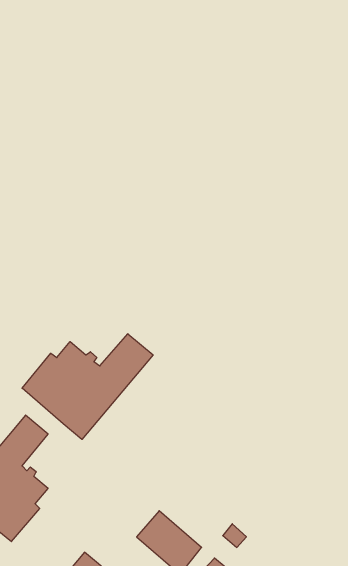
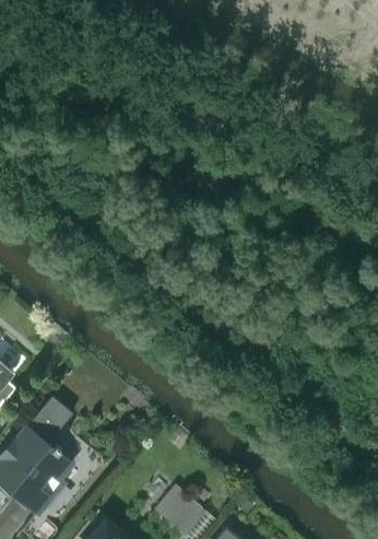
building: [22,334,153,439] -> none

